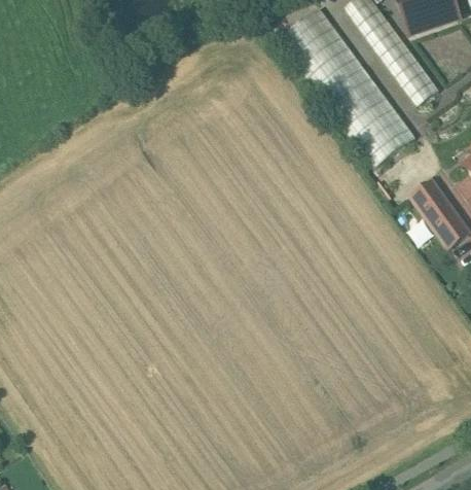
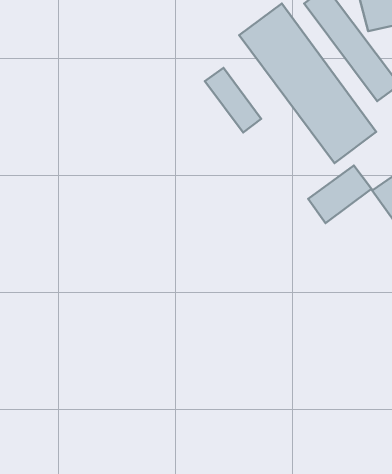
building: none -> [205,68,261,133]
building: none -> [308,165,372,223]

